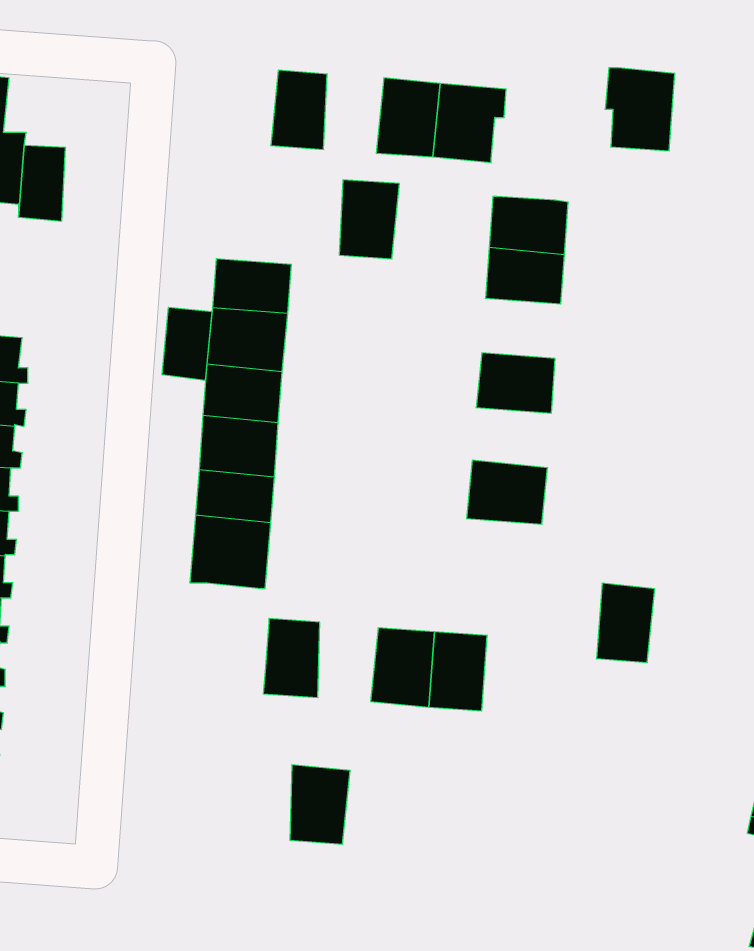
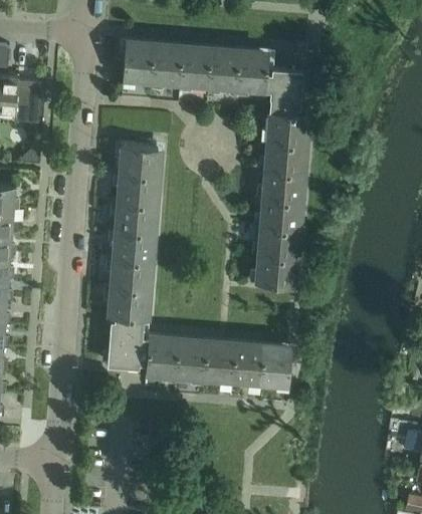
building: none -> [123,41,154,83]
building: [605,68,675,151] -> [267,68,304,112]
building: [339,180,399,259] -> [178,45,210,87]
building: none -> [262,165,304,197]
building: [162,307,212,381] -> none
building: none -> [257,223,299,255]
building: none -> [108,316,149,367]
building: [596,583,655,662] -> [262,344,293,387]
building: [290,765,350,844] -> [175,337,207,379]

